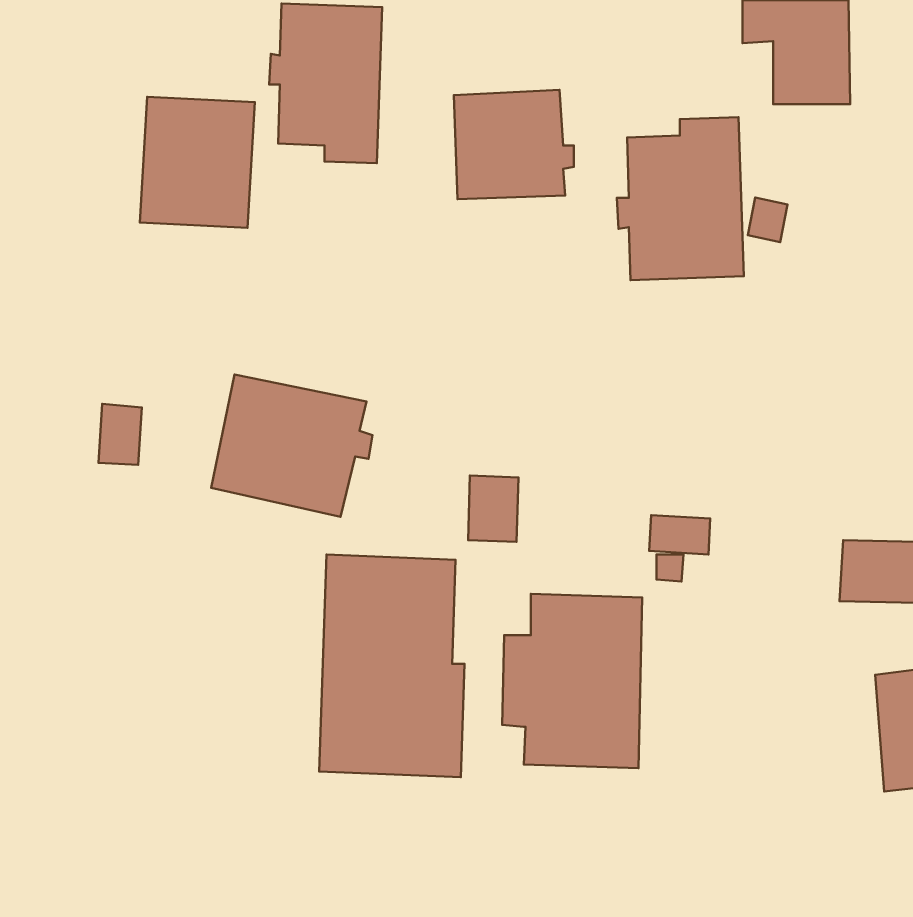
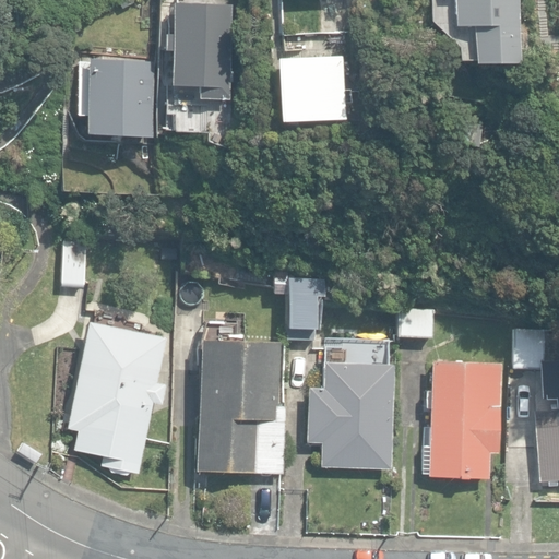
building: [617,117,744,280] -> none
building: [211,374,372,517] -> none
building: none -> [67,332,168,474]
building: none -> [423,359,503,479]

